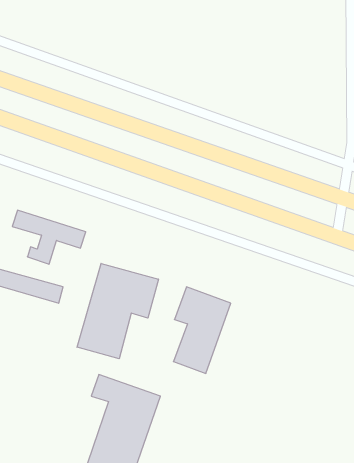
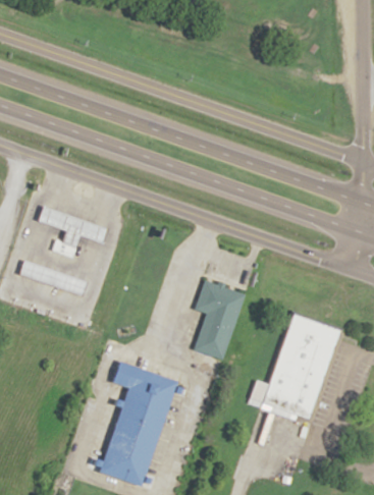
building: [77,263,158,359] -> none
building: none -> [249,313,340,422]

